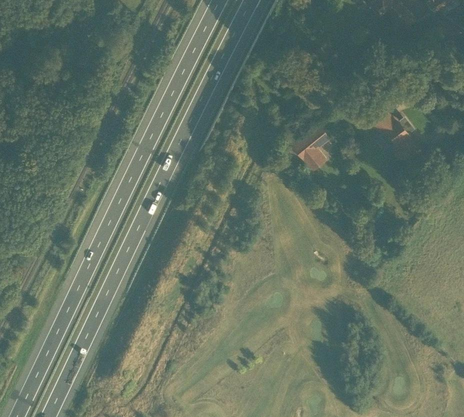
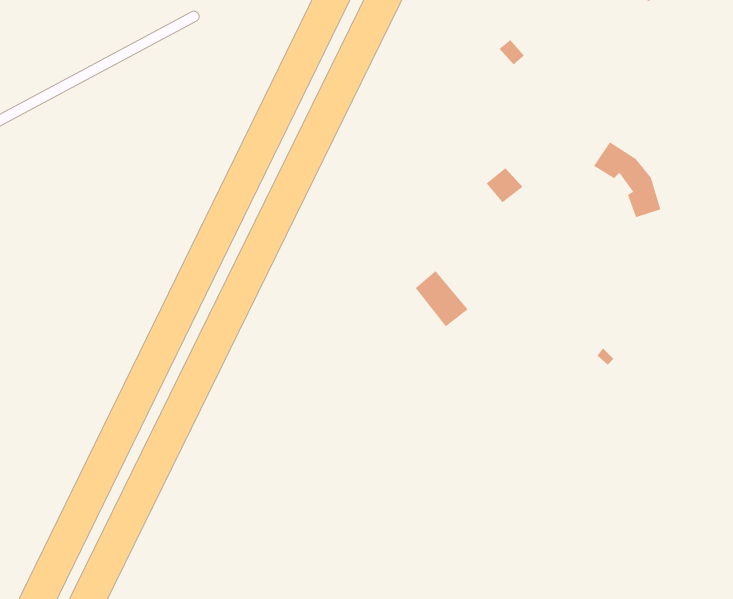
building: [294,137,327,172] -> [415,270,468,327]

